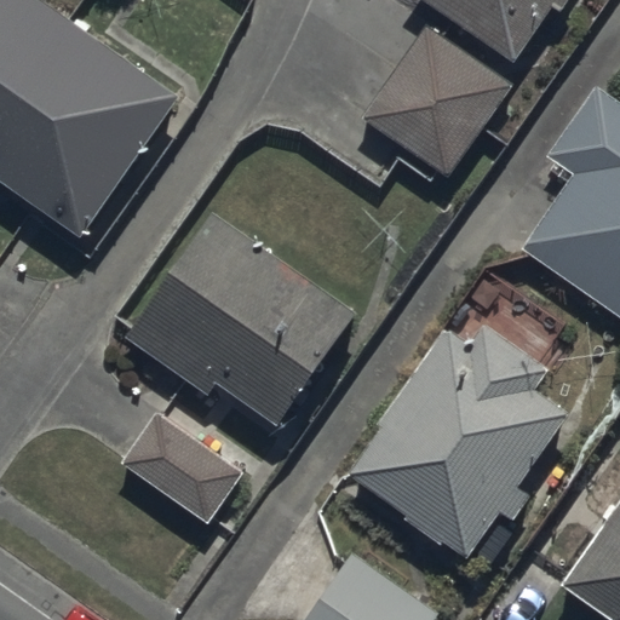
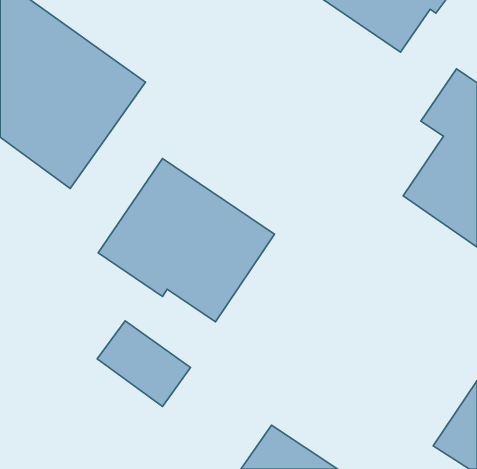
building: [367,29,518,179] -> none
building: [348,325,562,557] -> none

